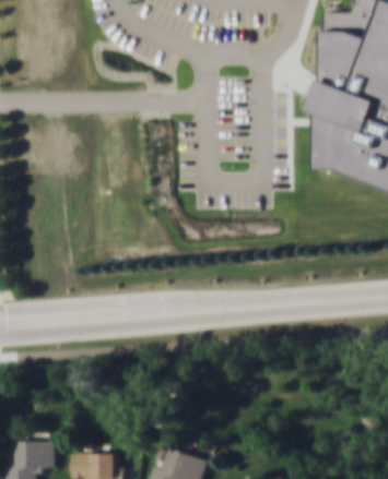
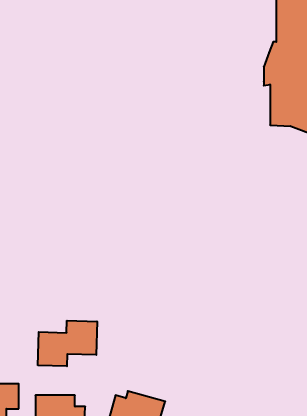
building: none -> [38,321,97,366]

